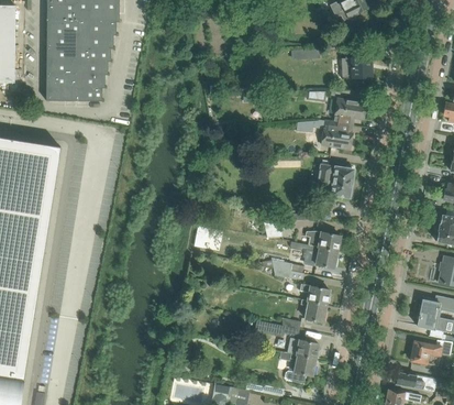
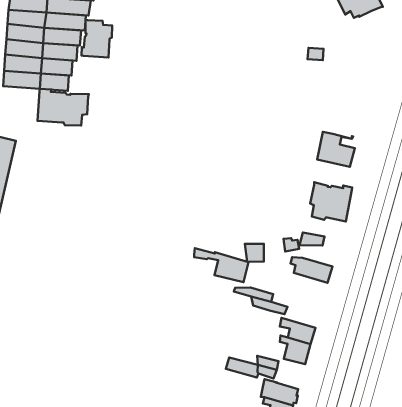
building: none -> [82,20,112,58]
building: [342,57,372,79] -> none
building: [333,99,366,125] -> none
building: none -> [37,89,89,125]
building: [290,242,337,269] -> [194,248,249,282]

